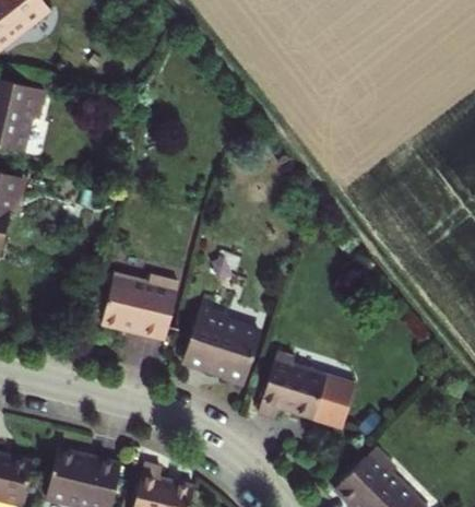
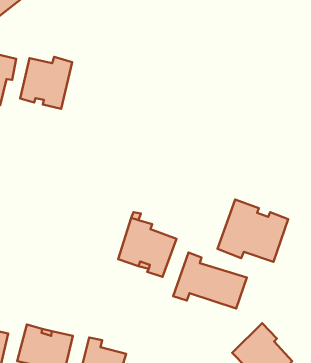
building: none -> [20,57,72,109]
building: [100,274,179,340] -> none
building: none -> [218,200,288,262]

